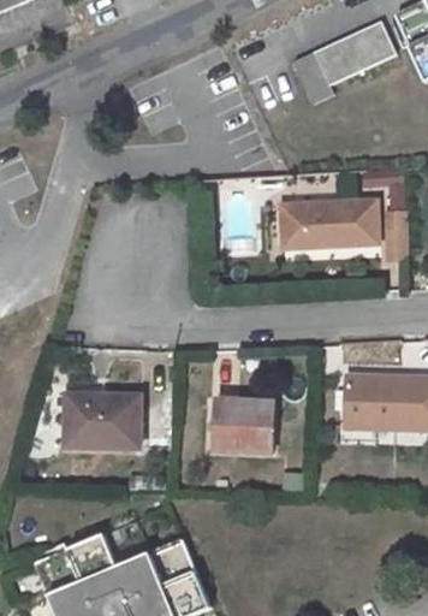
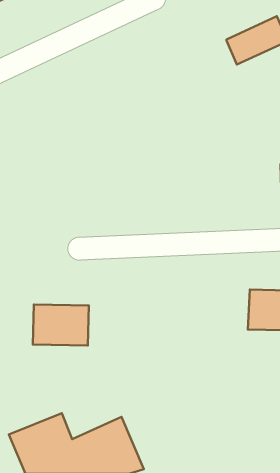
building: [292,52,334,107] -> none
building: [281,201,378,248] -> none
building: [216,401,274,452] -> none

